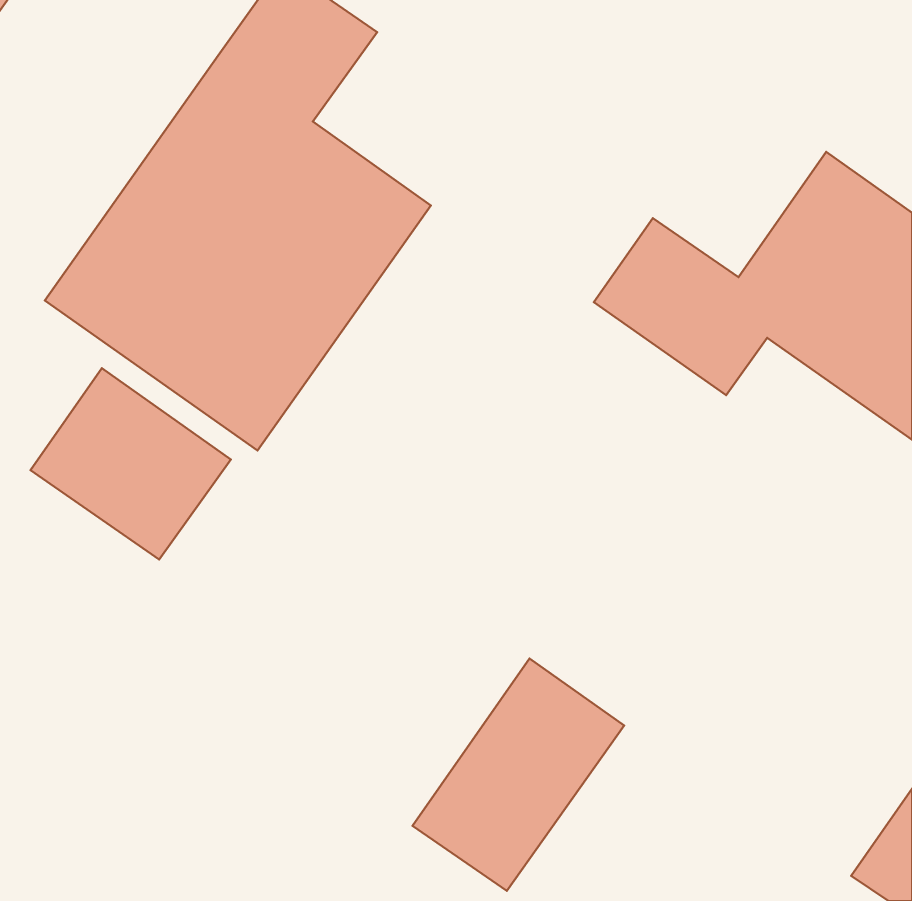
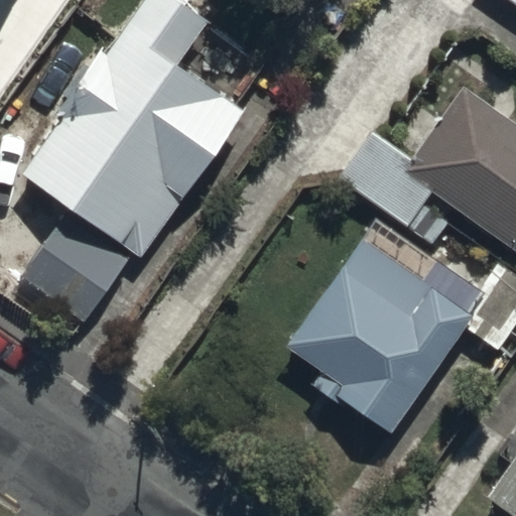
building: none -> [282,243,475,433]
building: [412,659,624,891] -> none

